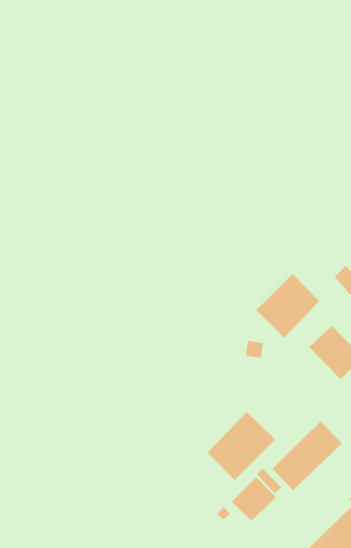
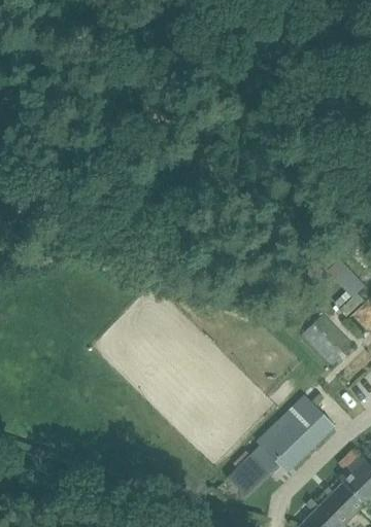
building: [256,273,320,338] -> none
building: [207,411,276,481] -> none

